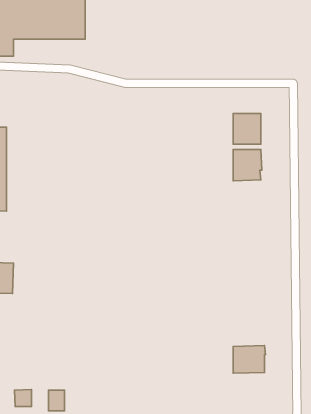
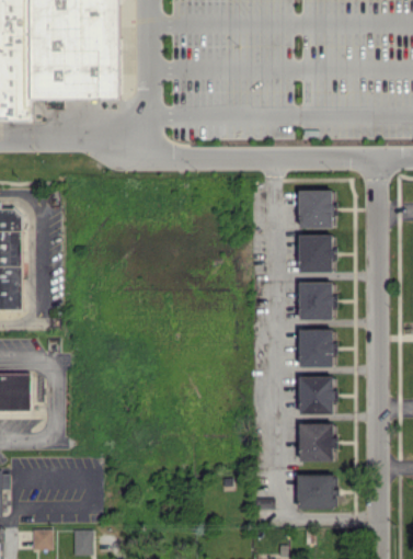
building: none -> [298,281,333,319]
building: none -> [298,328,334,365]
building: none -> [299,375,334,413]
building: none -> [299,422,334,460]

